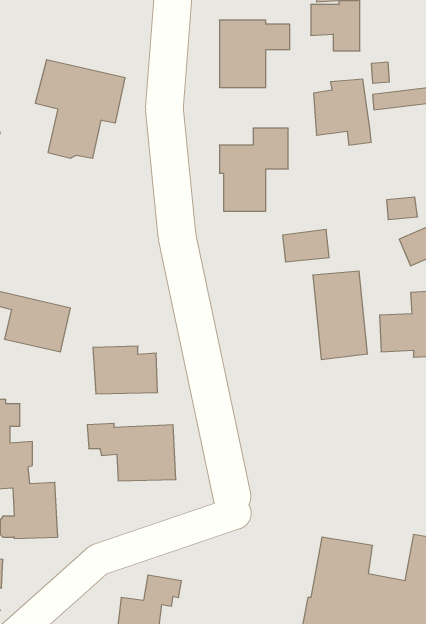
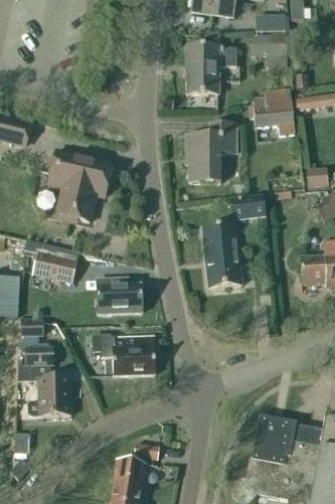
building: [35,60,125,158] -> [47,151,112,221]
building: [313,271,368,360] -> [202,225,241,289]

